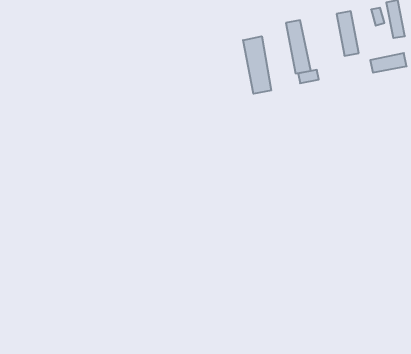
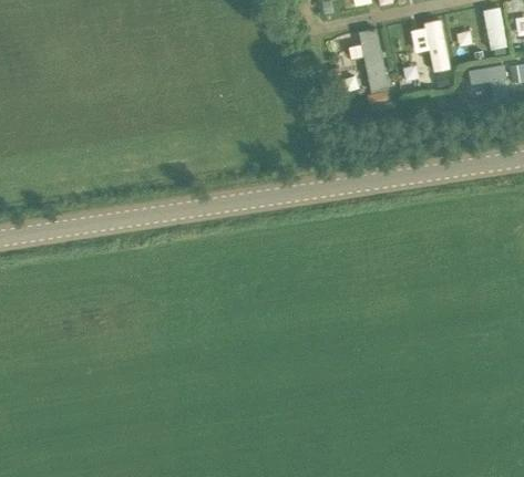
building: [243,36,271,94] -> none

